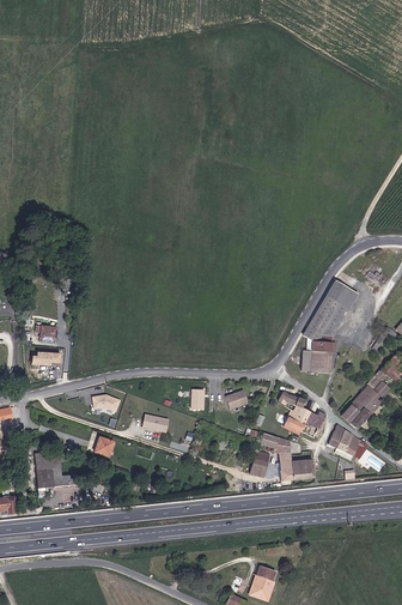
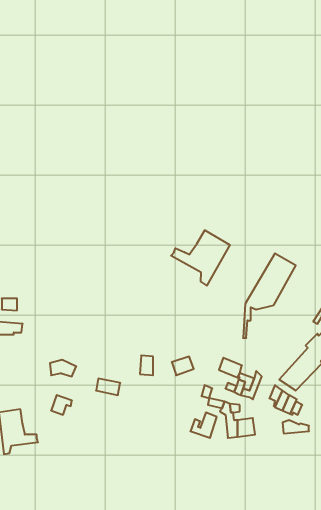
building: none -> [171,230,230,286]
building: [304,333,334,371] -> none

